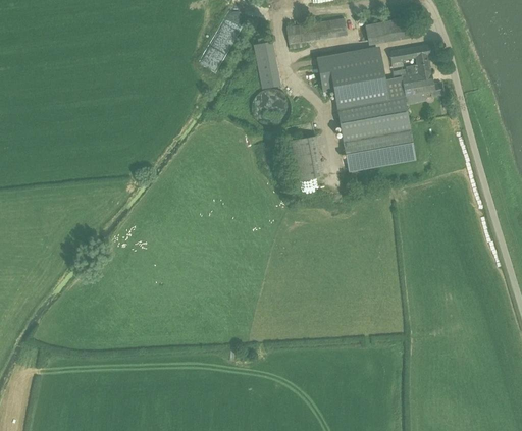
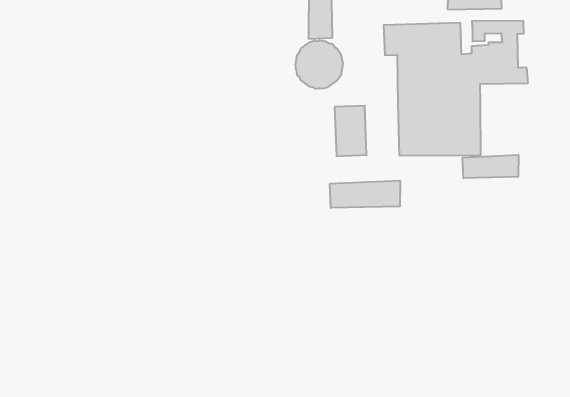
building: none -> [463,155,518,178]
building: none -> [330,181,400,208]

